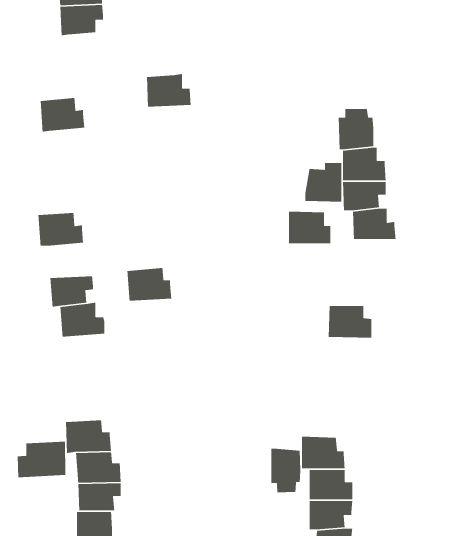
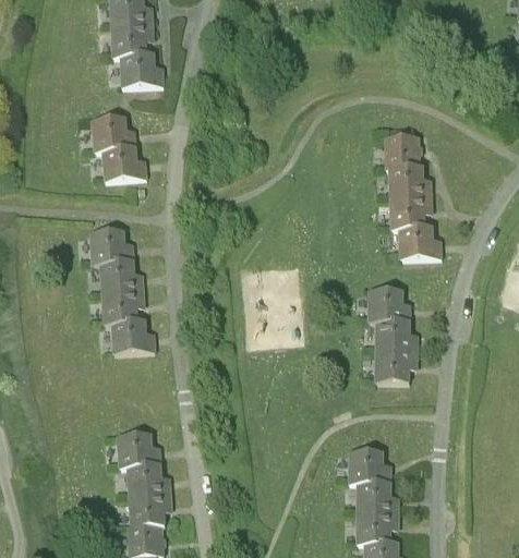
building: [146,73,192,108] -> [119,52,164,86]
building: none -> [100,147,146,180]
building: [305,162,342,202] -> none
building: [288,211,331,244] -> [367,289,410,322]
building: [127,267,172,302] -> [98,260,143,294]
building: none -> [374,353,418,381]
building: [17,441,66,478] -> none
building: [271,448,301,493] -> none

